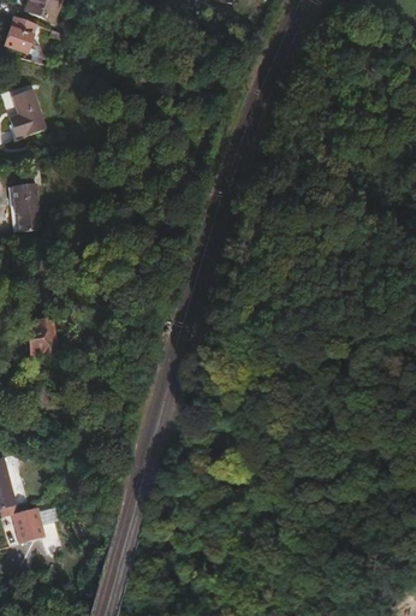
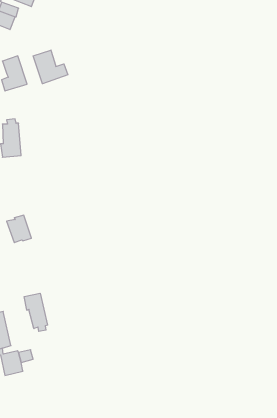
building: none -> [33,50,68,84]
building: none -> [24,293,47,331]

